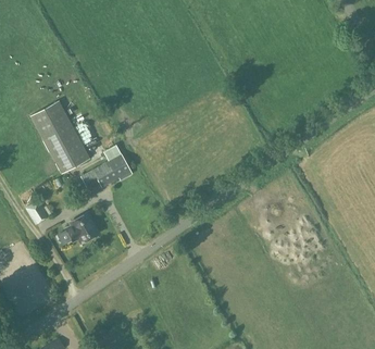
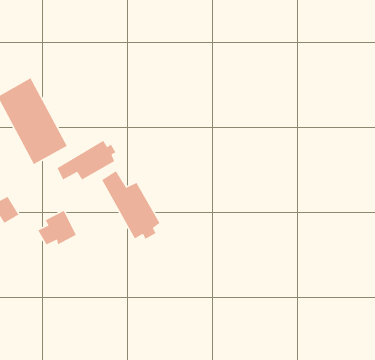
building: none -> [101,170,161,240]

